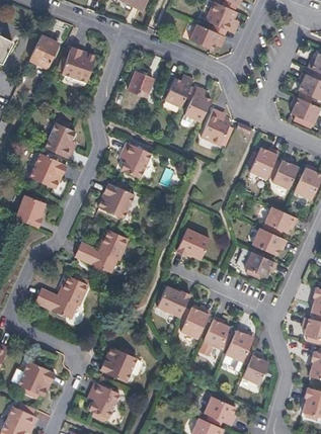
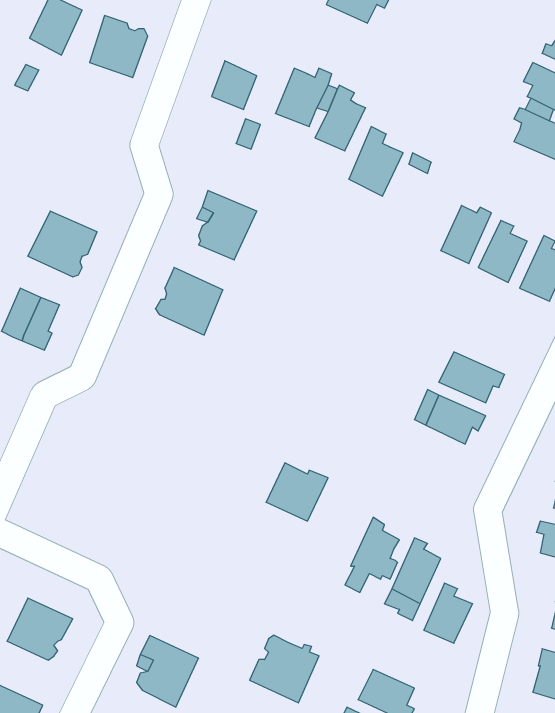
building: [44,121,75,157] -> none
building: [263,206,297,234] -> none
building: [75,228,129,270] -> none
building: [176,228,211,260] -> none
building: [35,275,88,319] -> none
building: [180,310,209,340] -> none
building: [98,345,136,381] -> [250,635,319,703]

